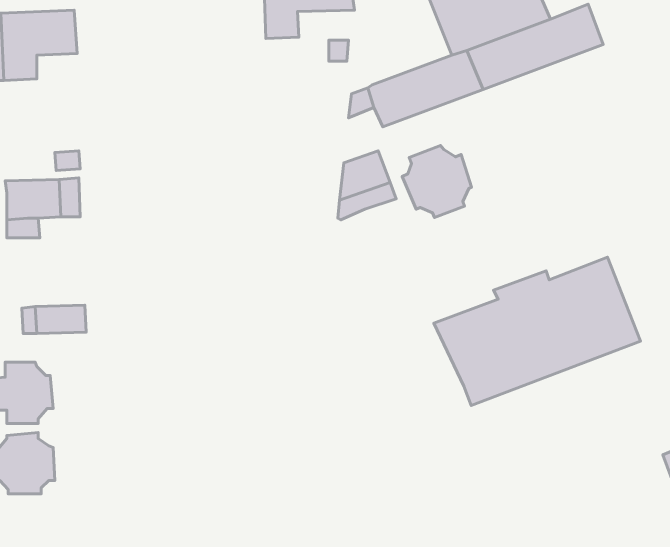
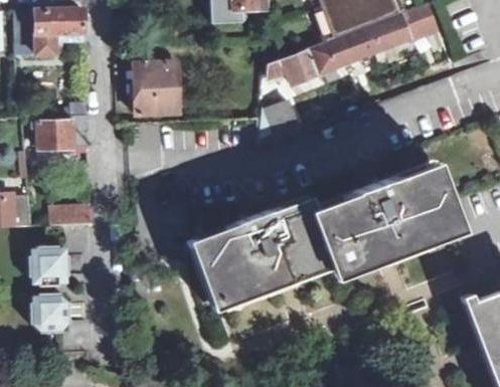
building: none -> [132,61,177,114]
building: [402,146,472,217] -> none
building: none -> [206,205,344,305]

